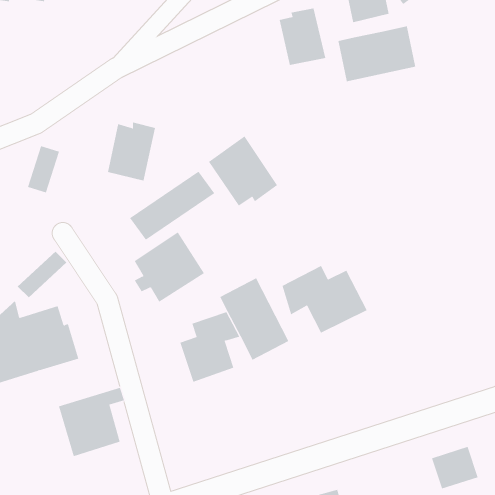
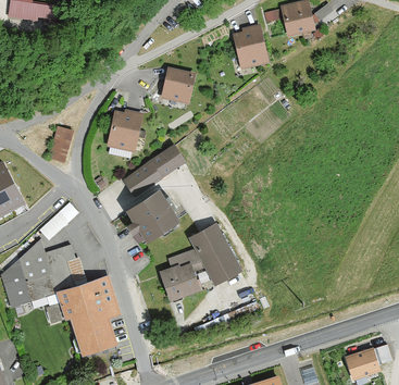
building: [338,25,416,82] -> none
building: none -> [161,67,194,103]
building: [208,135,278,207] -> none
building: [282,265,367,333] -> none
building: none -> [45,276,116,324]

